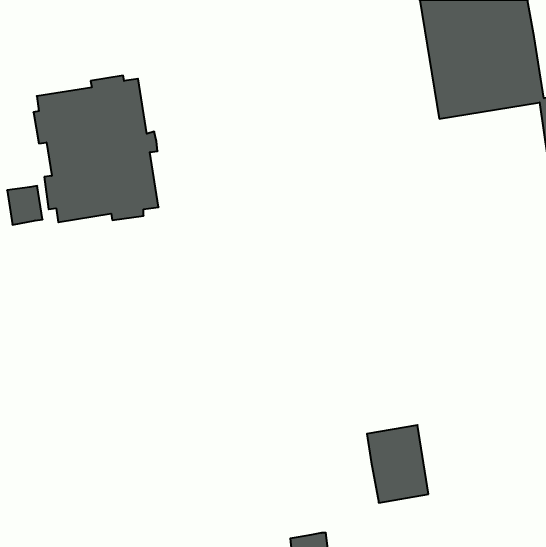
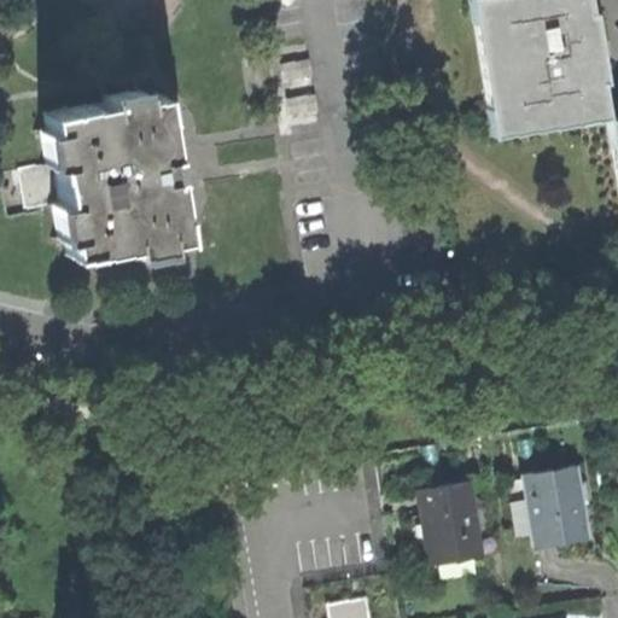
building: [7,186,43,225] -> [24,164,64,208]
building: none -> [524,465,591,549]

